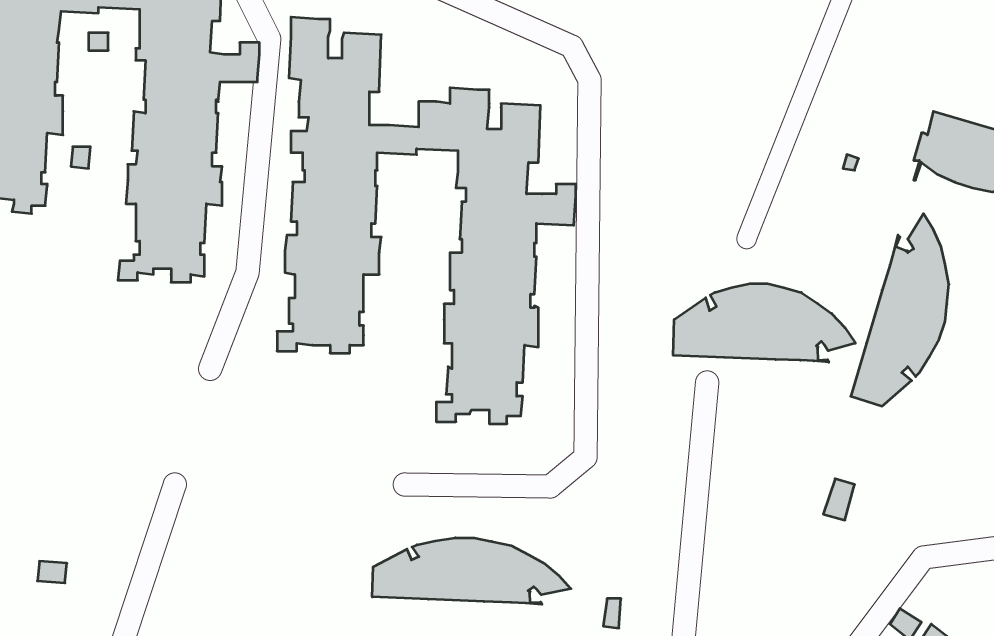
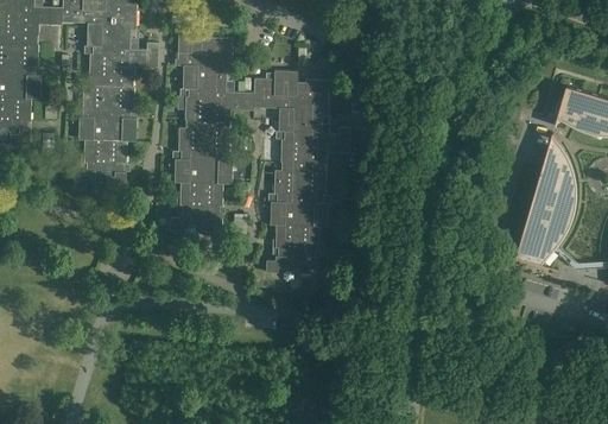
building: [673,284,855,362] -> none
building: [372,538,571,604] -> none

